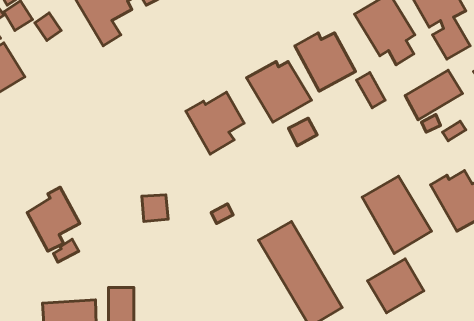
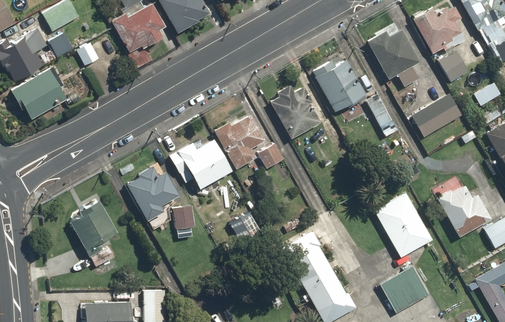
building: [288,118,317,146] -> [259,143,285,168]
building: none -> [169,138,232,189]
building: none -> [125,164,180,222]

